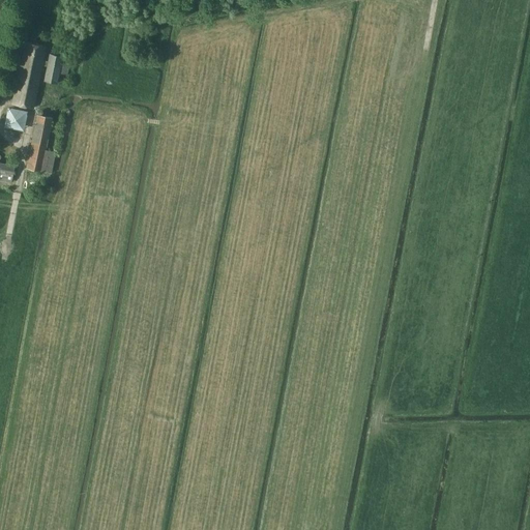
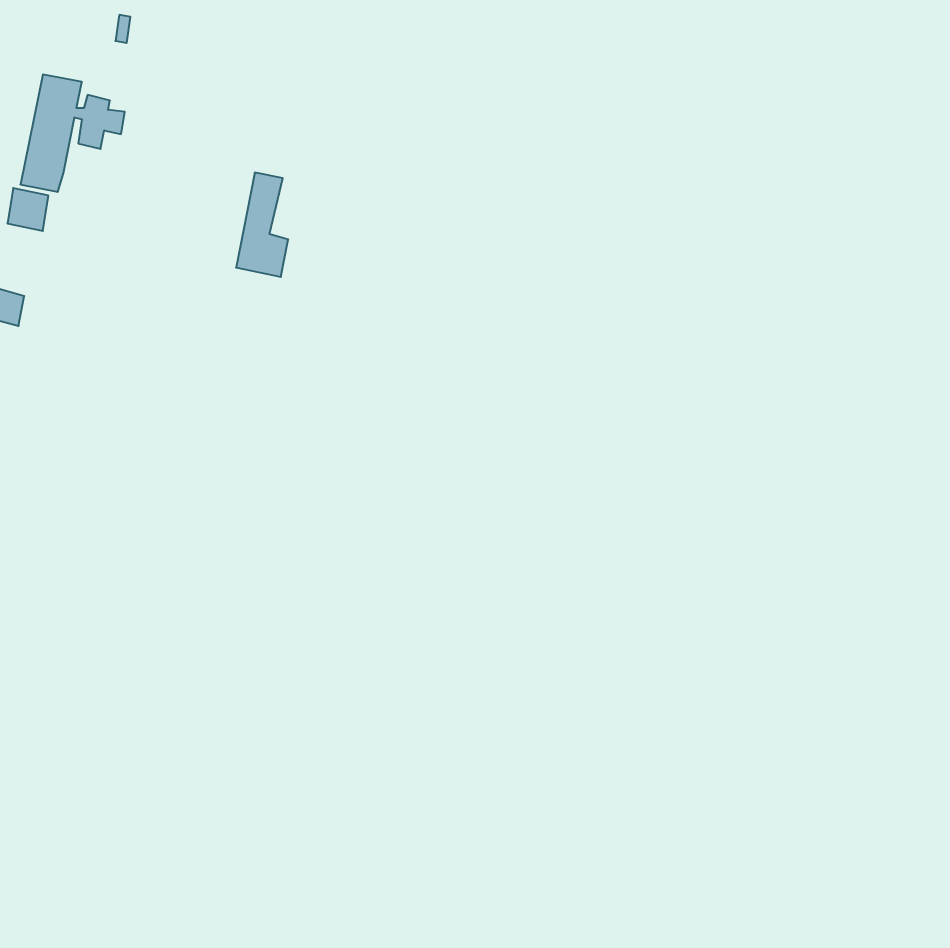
building: [26,116,55,174] -> [236,173,288,277]

